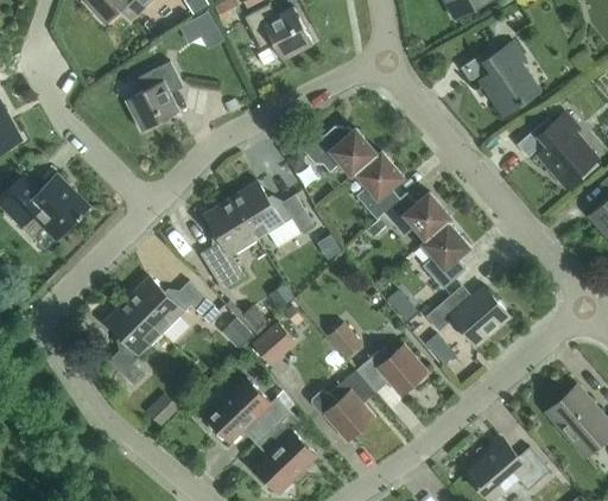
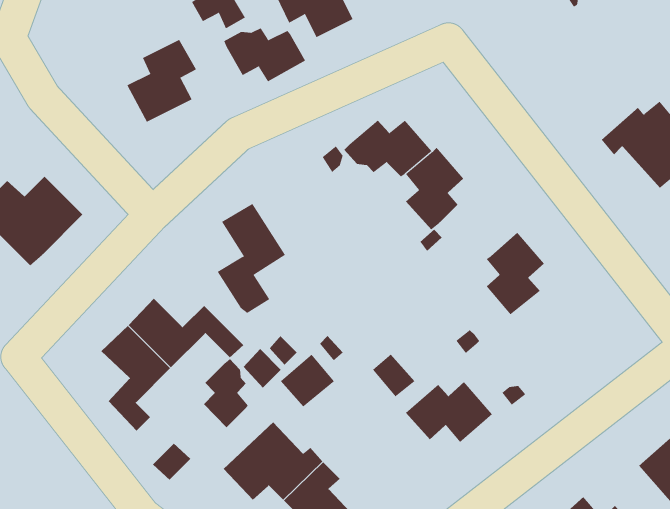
building: [460,43,538,114] -> none
building: none -> [223,28,306,82]
building: [229,180,314,240] -> none
building: [384,192,451,241] -> none
building: [426,287,508,344] -> none
building: none -> [203,358,248,428]
building: [311,370,375,440] -> none

